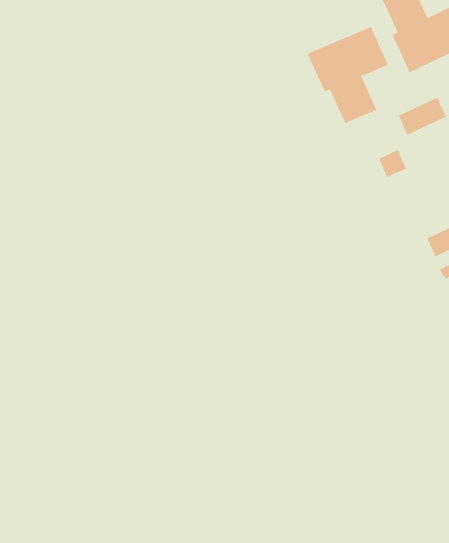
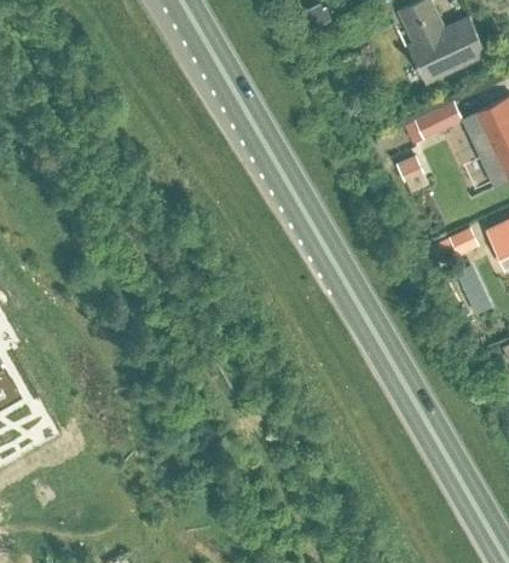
building: [307,26,389,124] -> none

